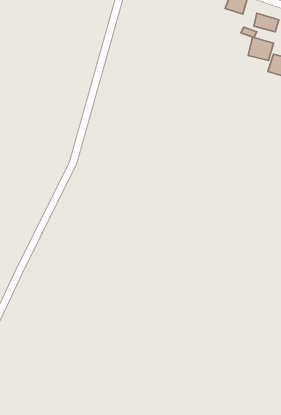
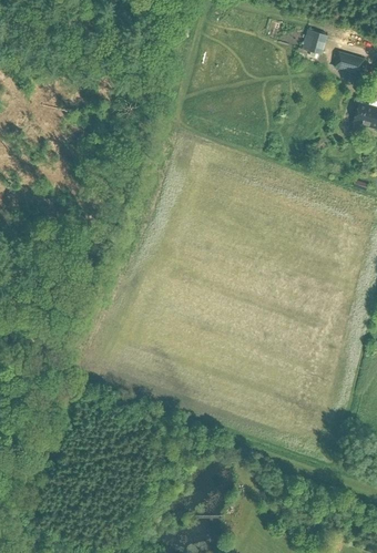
building: [248,37,274,60] -> none

